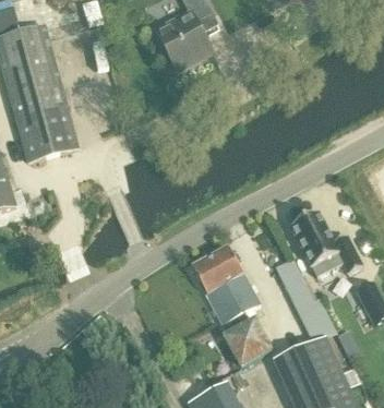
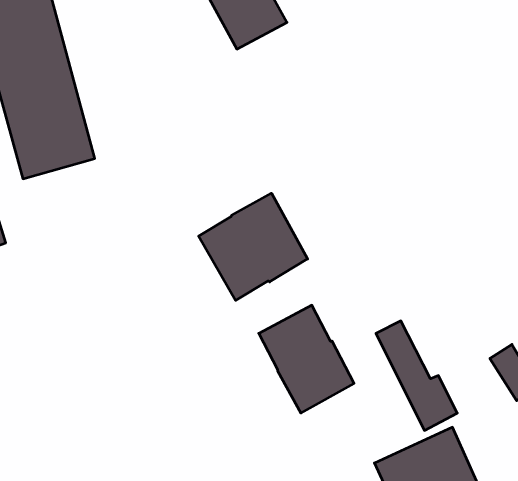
building: none -> [199,193,308,300]
building: [290,209,363,274] -> none
building: [224,314,274,363] -> none

